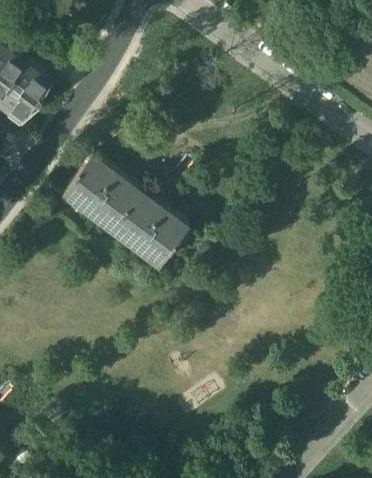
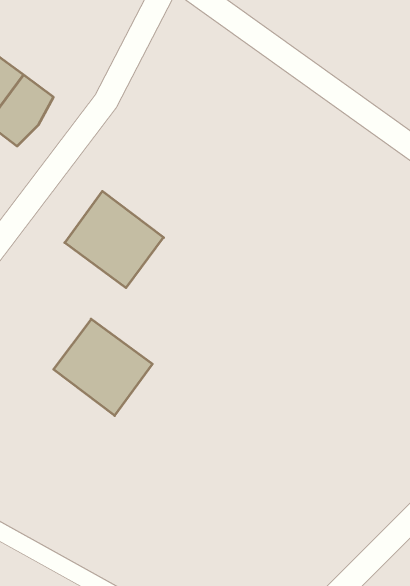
building: [112,193,191,270] -> [54,319,152,416]

